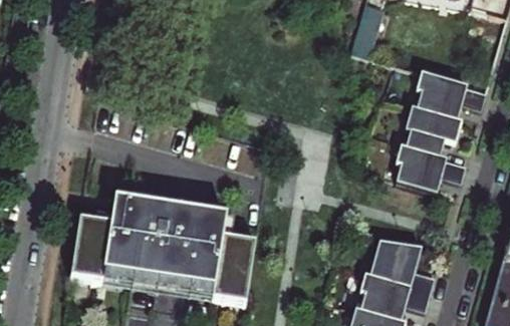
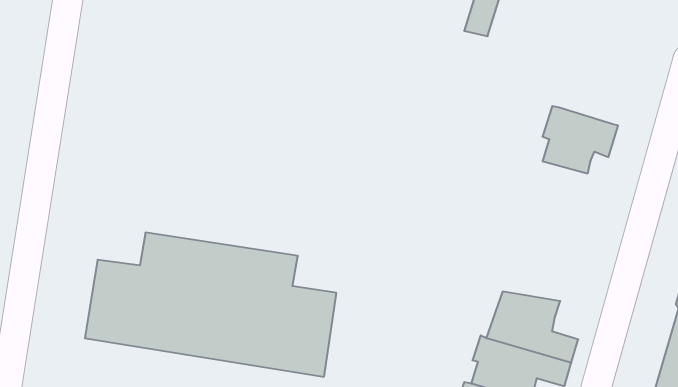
building: [420,73,488,120] -> none
building: [397,145,467,193] -> none

